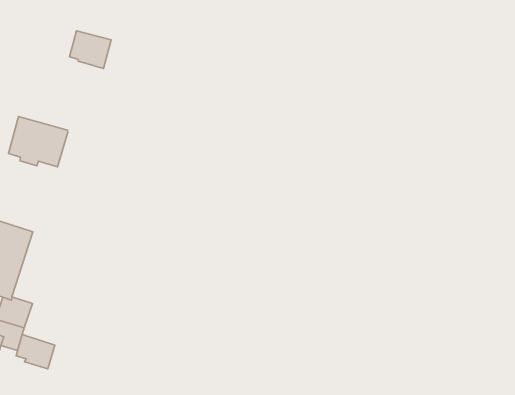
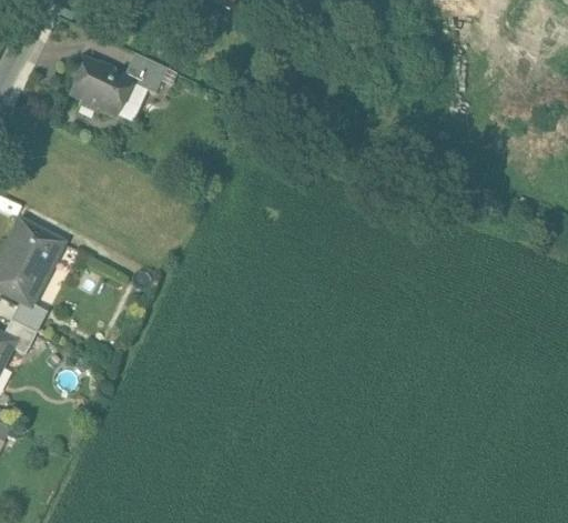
building: [9,117,68,167] -> [71,56,132,111]
building: [16,334,55,369] -> none

